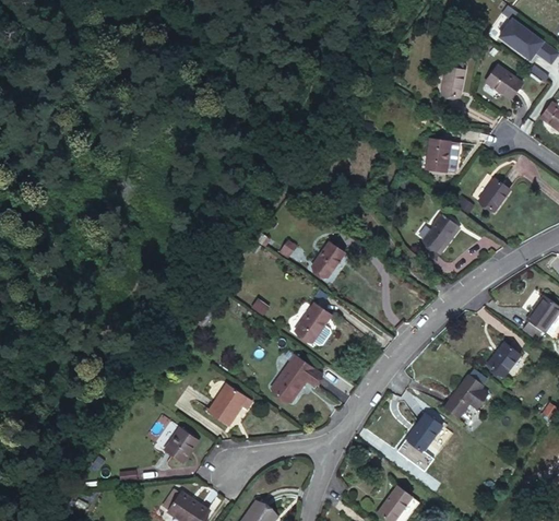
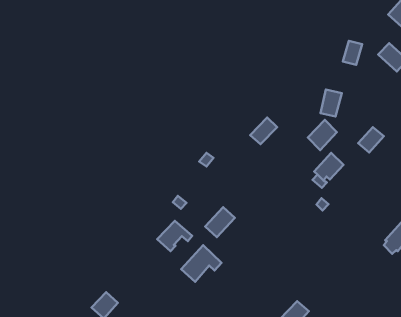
building: none -> [308,120,337,150]
building: [312,242,345,277] -> [250,117,277,144]
building: [488,340,521,374] -> none
building: [442,372,488,416] -> none
building: [205,384,249,424] -> [157,221,192,251]

